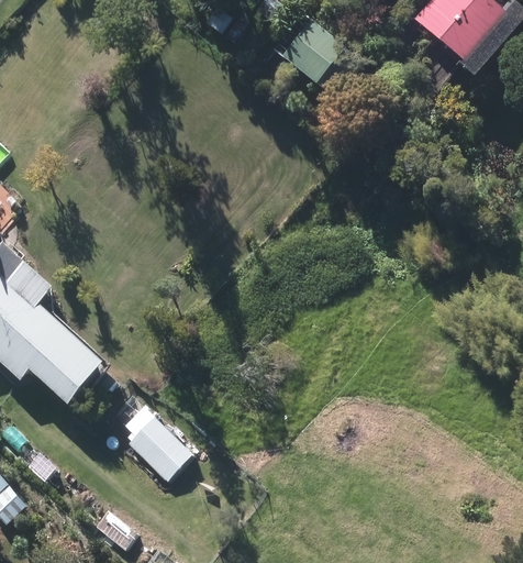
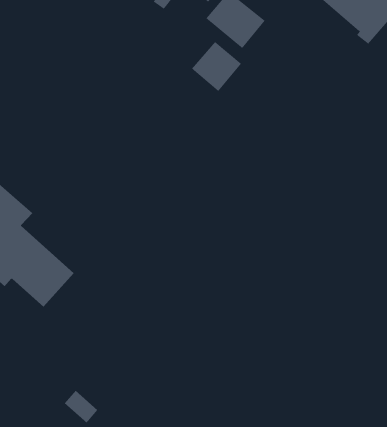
building: none -> [191,41,242,92]
building: [122,406,192,482] -> none

